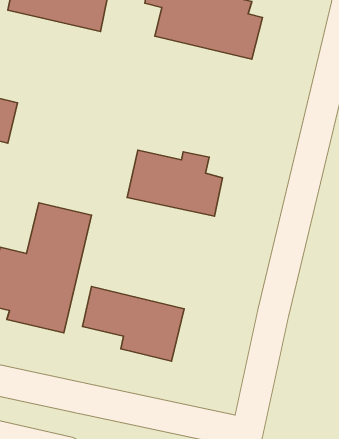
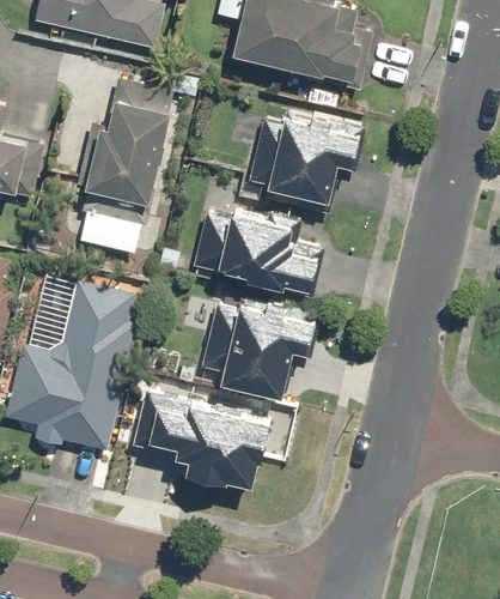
building: none -> [75,75,177,228]
building: none -> [244,105,368,218]
building: none -> [201,300,316,399]

